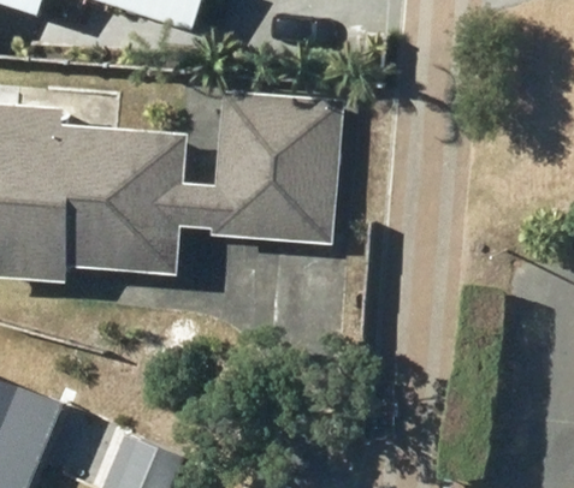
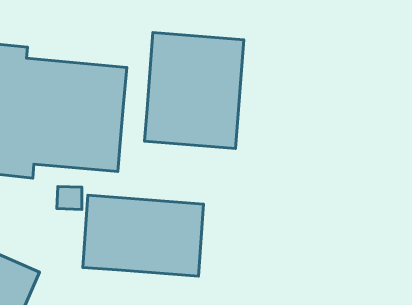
building: none -> [83,195,204,276]

